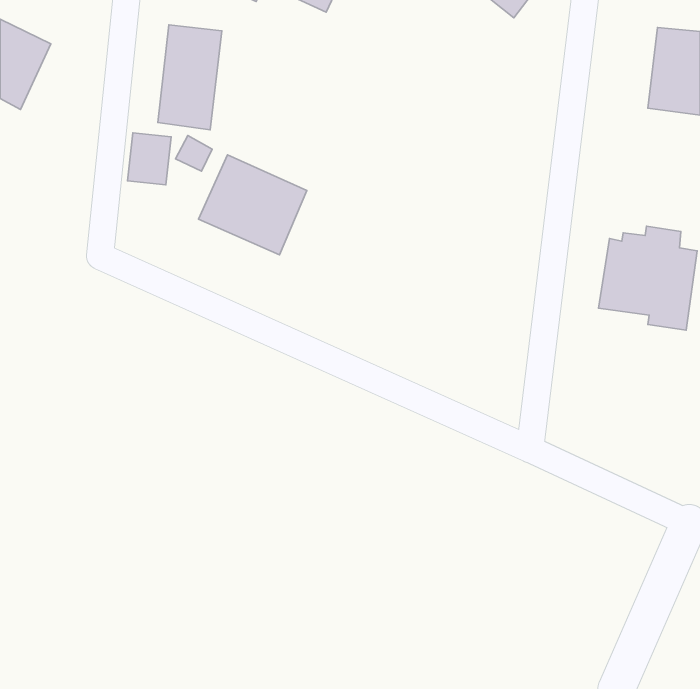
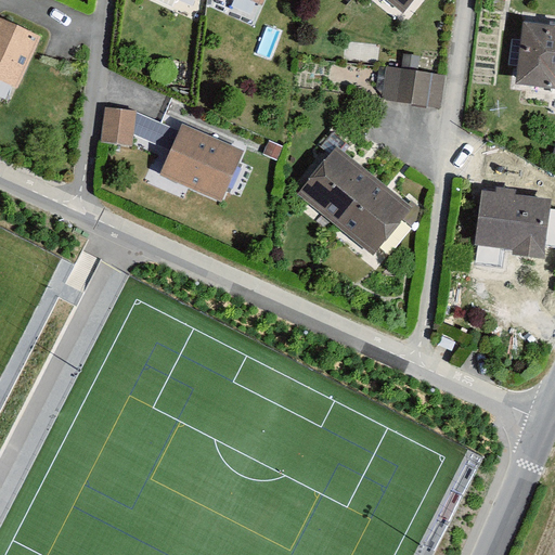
building: [158,25,222,130] -> none
building: none -> [383,69,441,106]
building: none -> [295,145,412,255]

